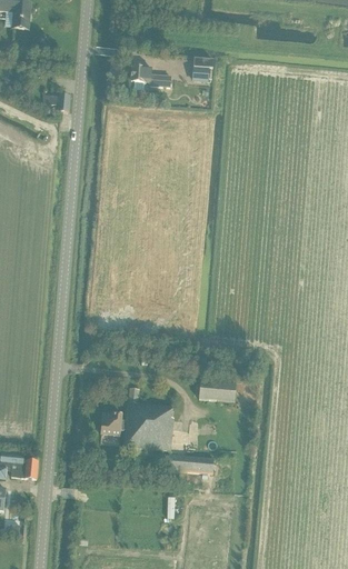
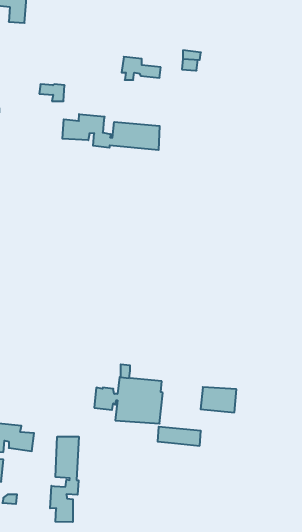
building: none -> [62,114,160,150]
building: [199,375,237,401] -> [201,387,236,412]
building: none -> [50,437,79,522]

